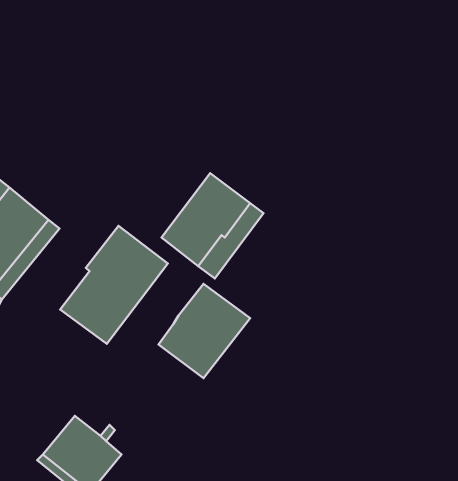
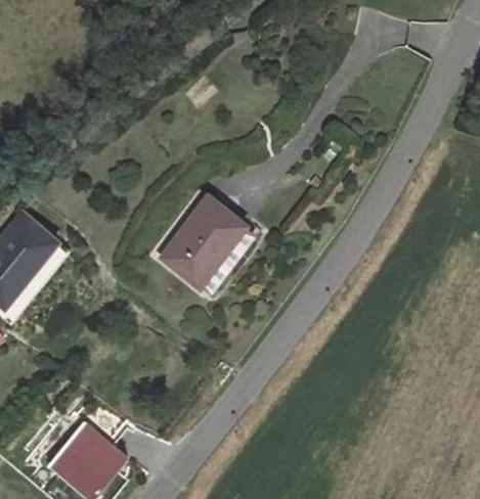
building: [60,226,168,344] -> none
building: [158,284,250,378] -> none

